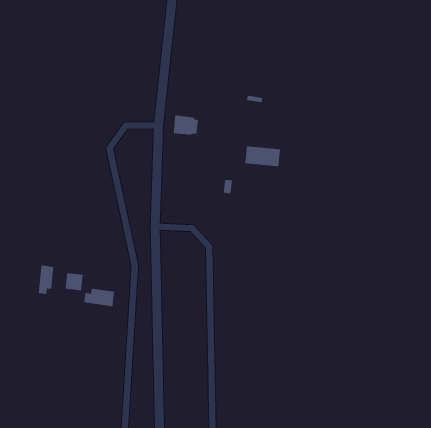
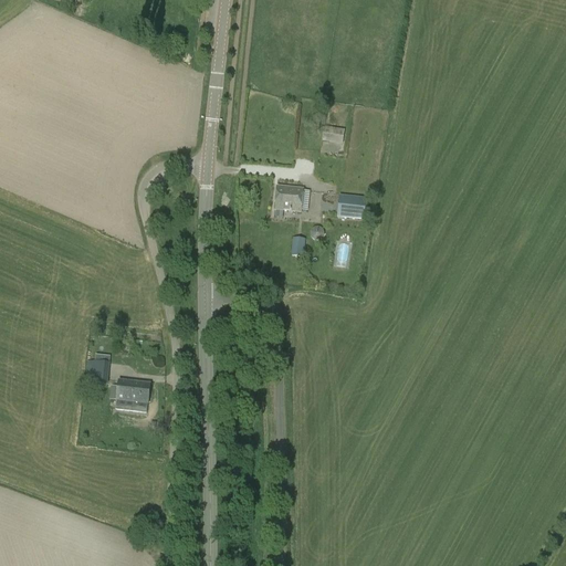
building: [173,115,199,135] -> [275,184,310,210]
building: [38,265,54,295] -> none

